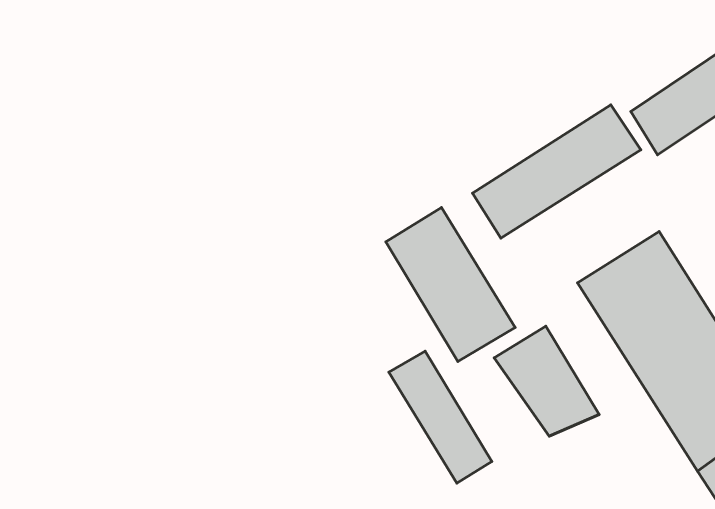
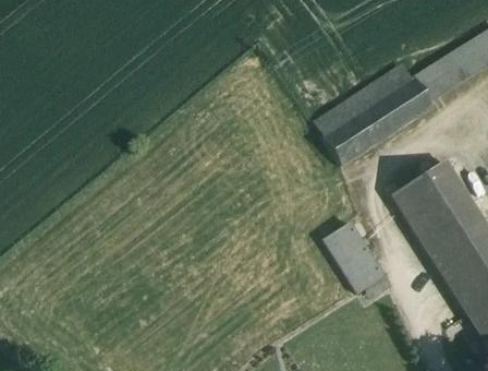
building: [386,208,515,361] -> none
building: [389,351,492,483] -> none

